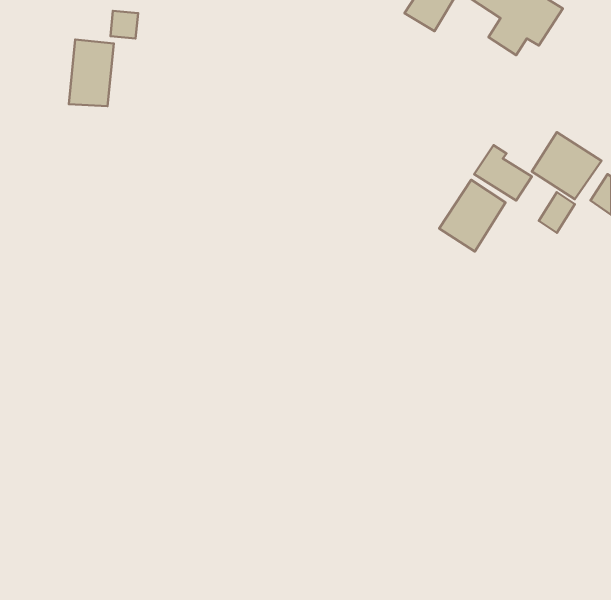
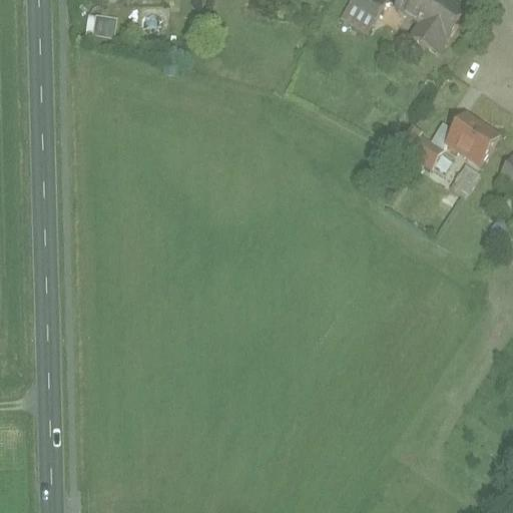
building: [69,39,114,106] -> none
building: [439,180,506,252] -> none

